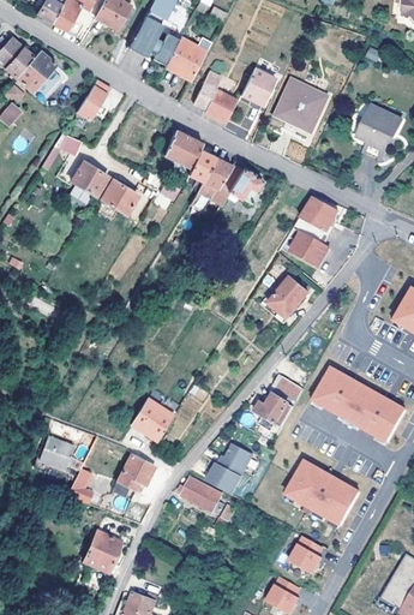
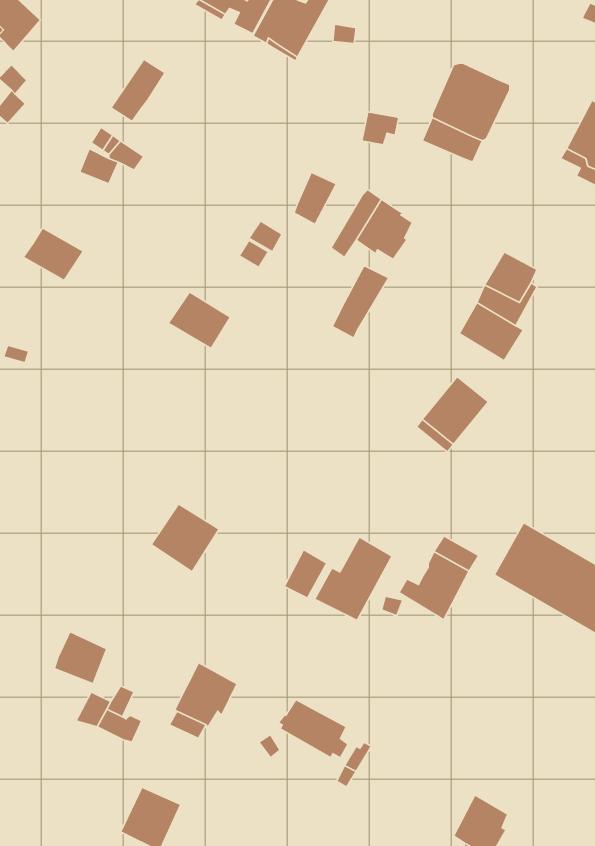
building: [16,50,64,101] -> none
building: [239,68,272,105] -> none
building: [192,72,234,123] -> none
building: [163,132,203,169] -> none
building: [196,157,230,202] -> [332,266,389,338]
building: [71,162,108,195] -> [23,228,84,280]
building: [100,179,138,214] -> [168,292,230,348]
building: [131,400,173,442] -> [151,504,219,572]
building: [206,443,254,495] -> [314,537,392,620]
building: [282,460,356,525] -> none

